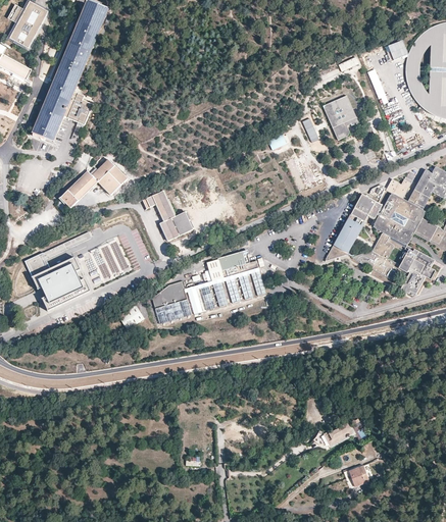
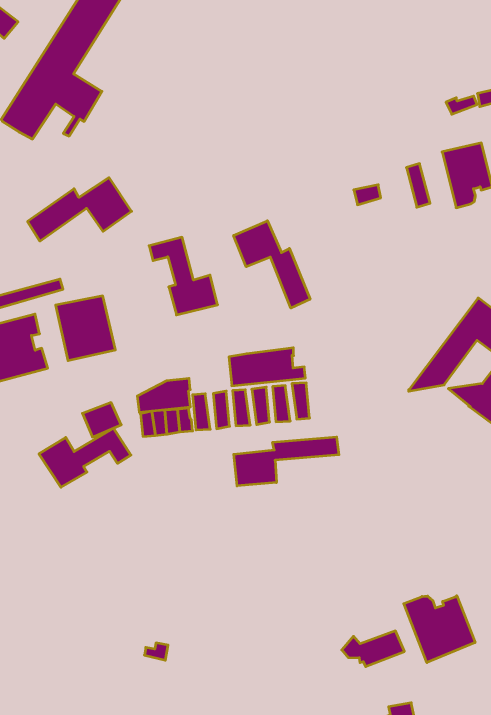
building: none -> [234,221,310,308]
building: none -> [234,437,339,486]
building: none -> [39,428,131,487]
building: none -> [404,596,475,663]

